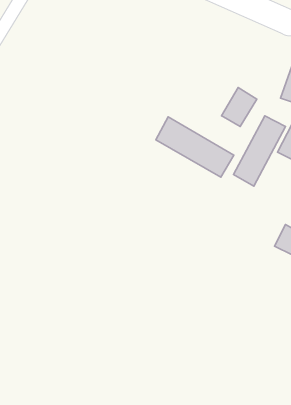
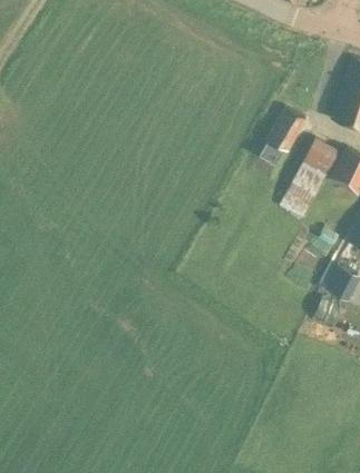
building: [156,117,234,177] -> none

